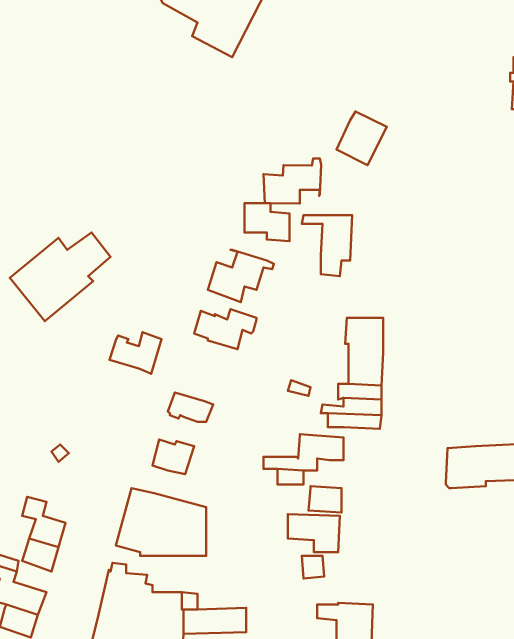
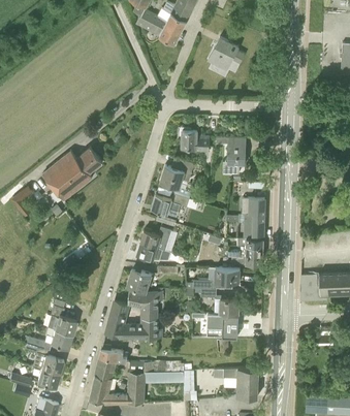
building: [336,111,387,165] -> [209,38,238,70]
building: [264,158,321,203] -> none
building: [109,332,161,374] -> [140,226,171,251]
building: none -> [128,288,159,311]

